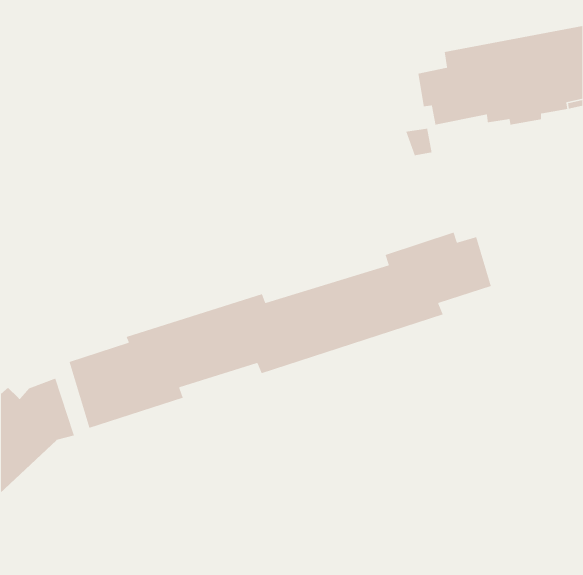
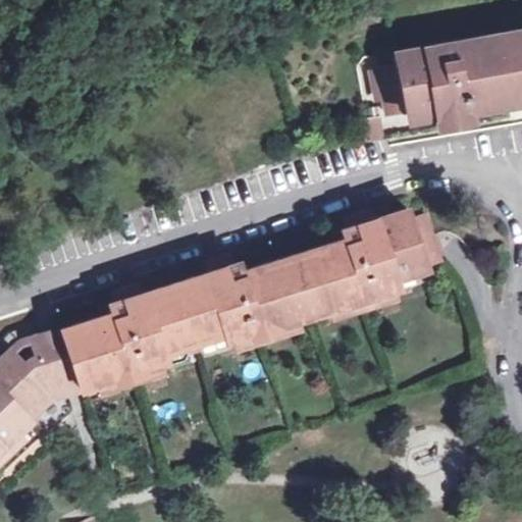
building: none -> [7,330,80,395]

